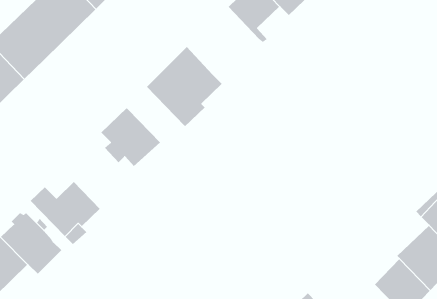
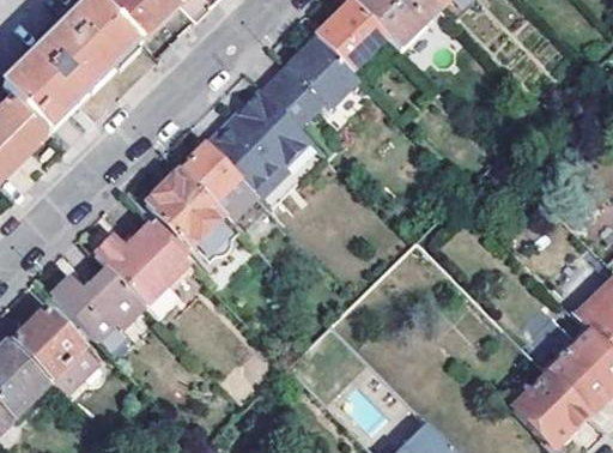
building: none -> [261,36,357,126]
building: none -> [183,143,257,222]
building: none -> [97,224,190,319]

